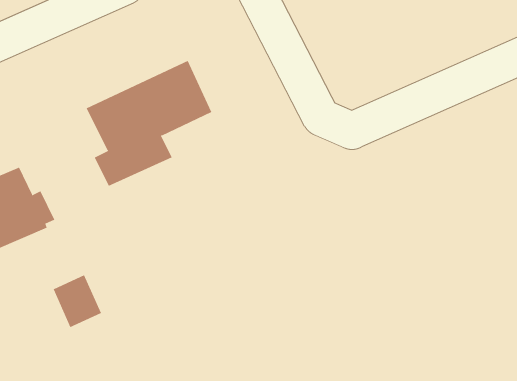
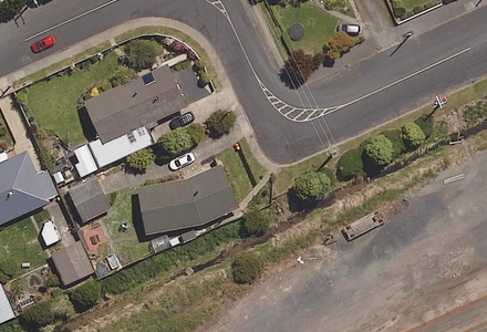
building: none -> [137,165,238,235]
building: none -> [72,180,113,222]

